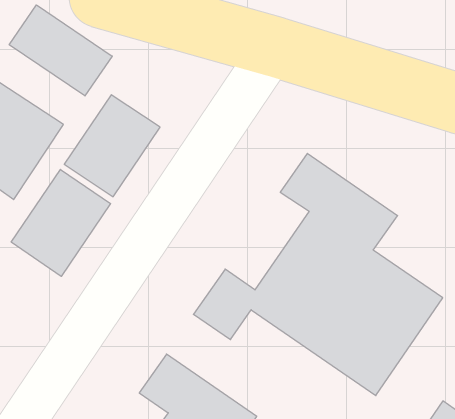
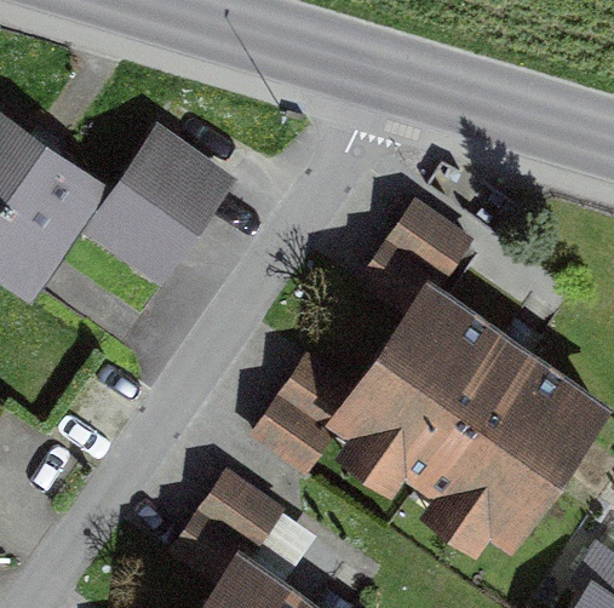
building: [9,5,112,96] -> none
building: [11,169,111,276] -> none

